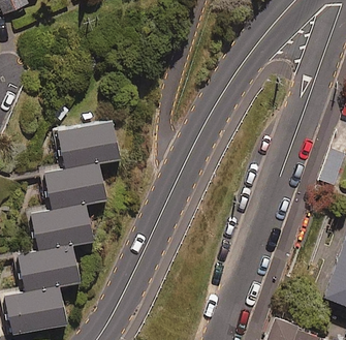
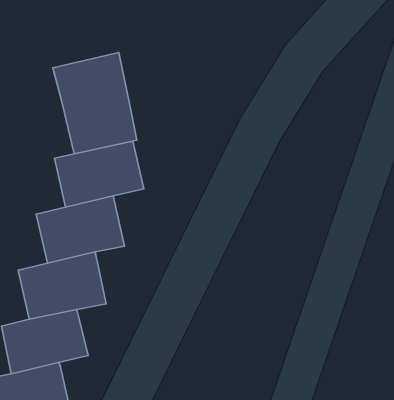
building: none -> [53,53,137,154]

